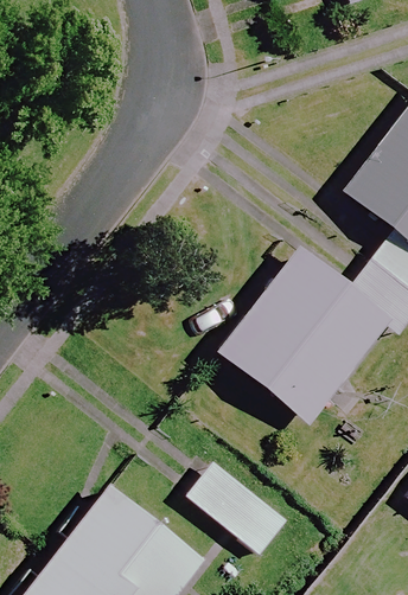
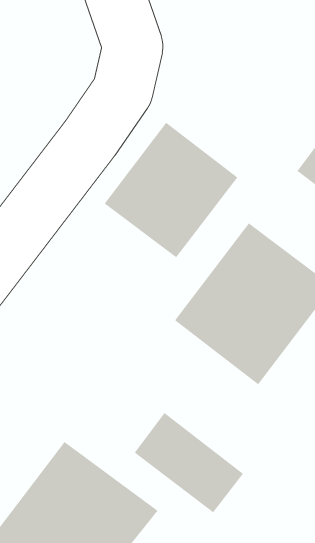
building: none -> [104,122,238,258]

